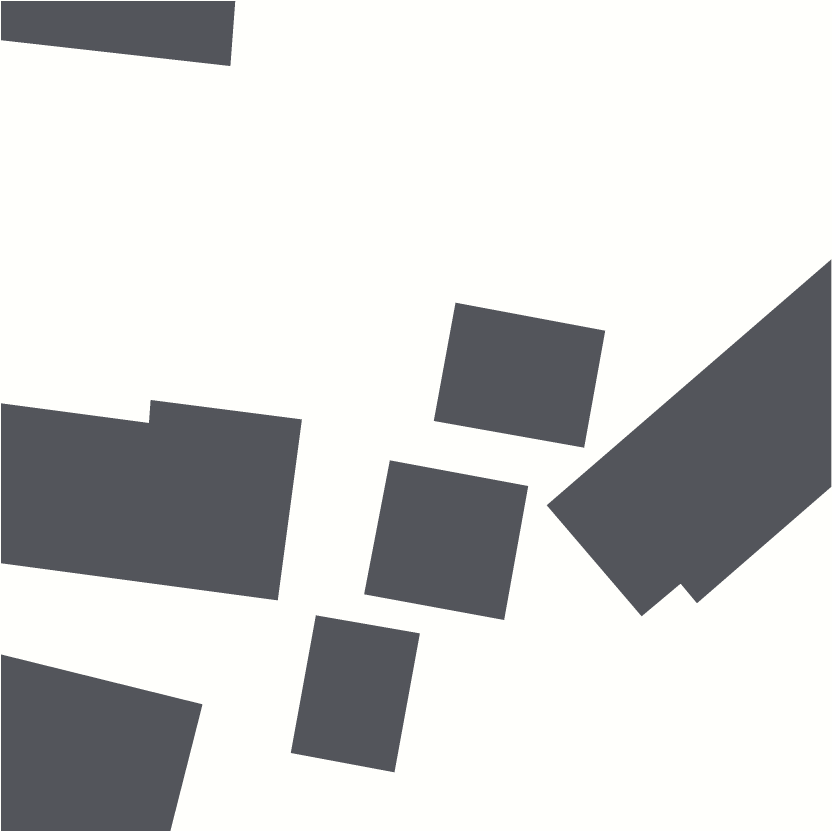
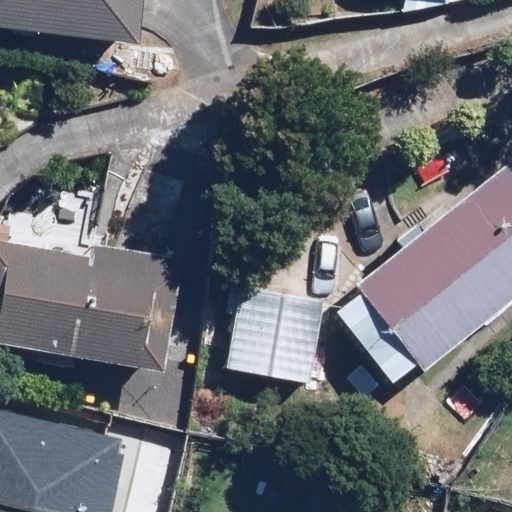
building: [433,302,606,448] -> none
building: [290,615,421,773] -> none

